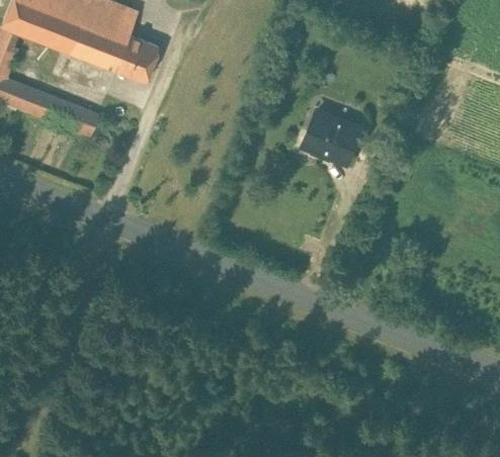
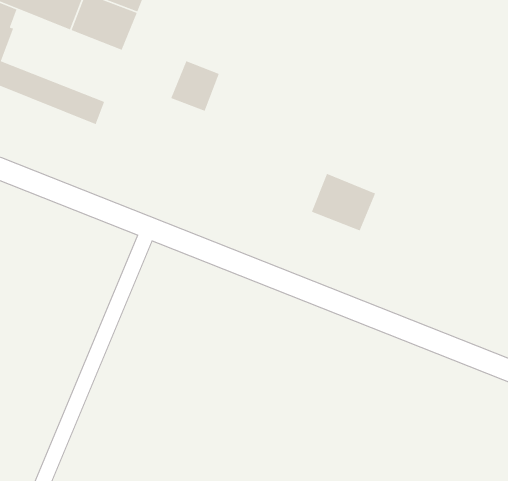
building: [112,35,157,82] -> [170,60,220,112]
building: [303,109,361,162] -> [311,173,376,231]

